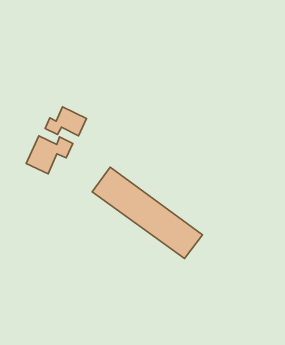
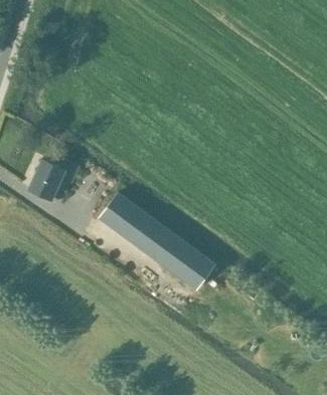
building: [45,107,86,136] -> none

